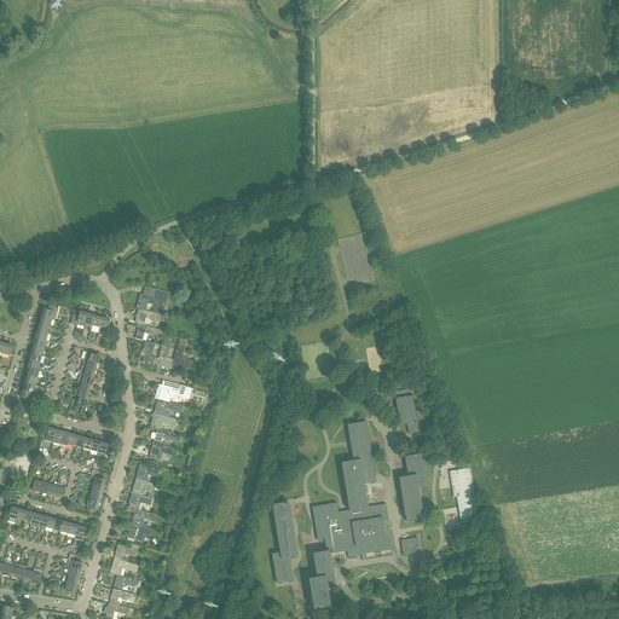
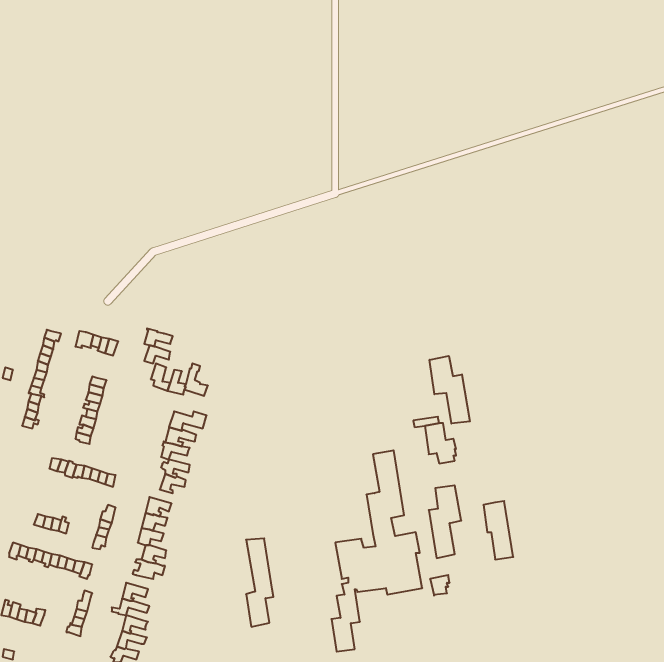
building: [137,284,169,313] -> none
building: none -> [430,356,470,424]
building: [272,501,297,583] -> [246,538,273,627]

